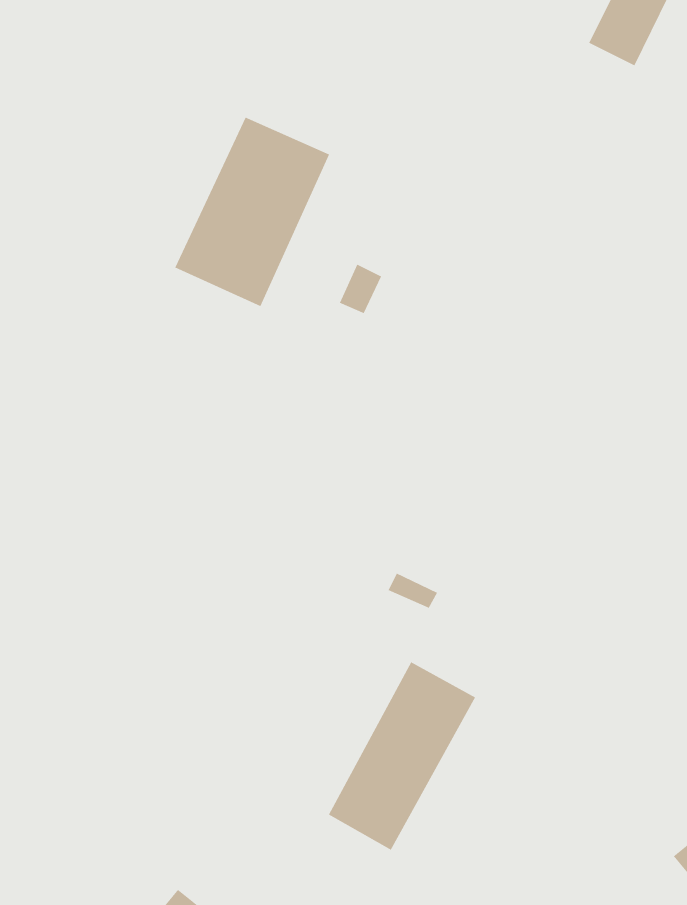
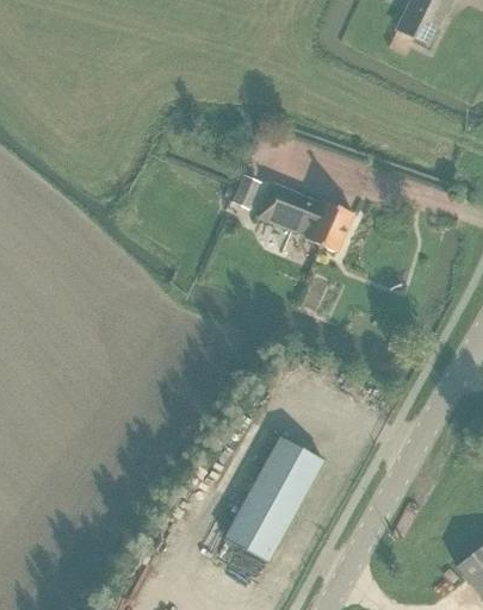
building: [174,116,330,307] -> none
building: none -> [258,182,354,253]

